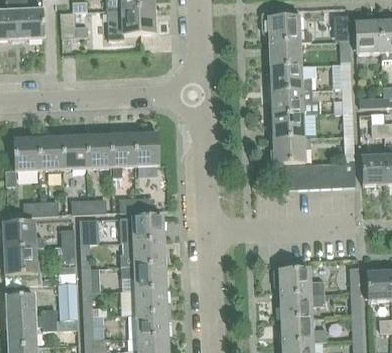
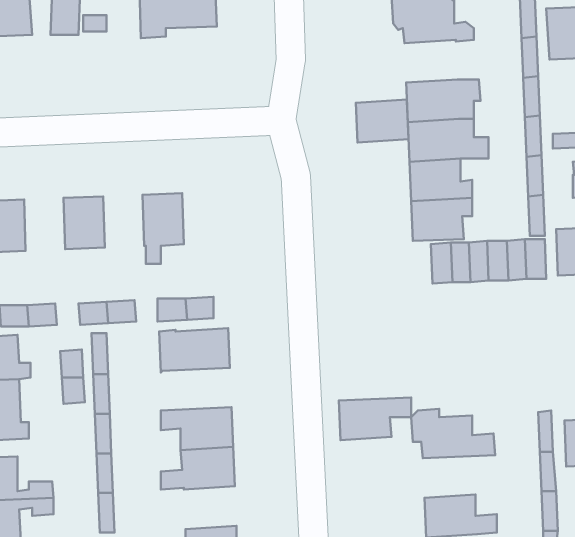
building: [269,41,301,67] -> [356,100,409,142]
building: [134,133,159,165] -> none
building: [86,135,111,167] -> none
building: [38,137,63,169] -> none
building: [120,240,164,266] -> none
building: [58,283,77,319] -> none
building: [280,293,324,319] -> [339,397,411,440]
building: [135,312,167,338] -> none

